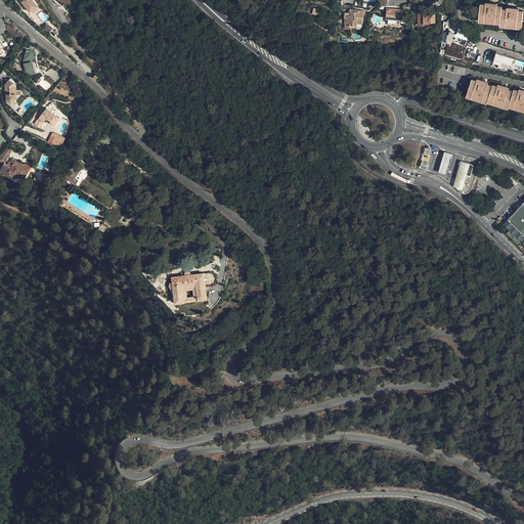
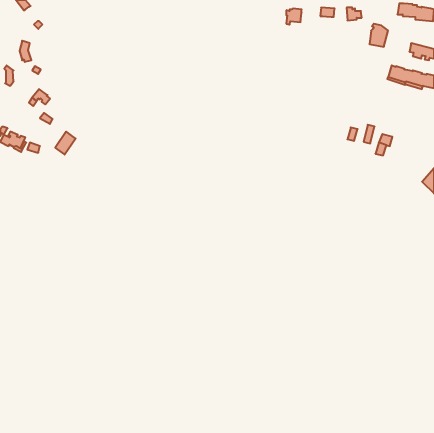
building: [170,272,216,304] -> none

